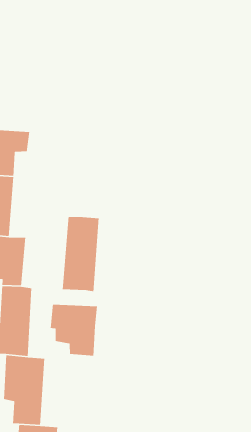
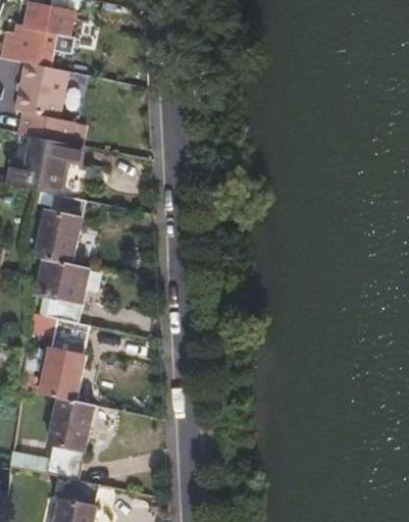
building: [62,216,99,292] -> none
building: [50,304,98,356] -> none

